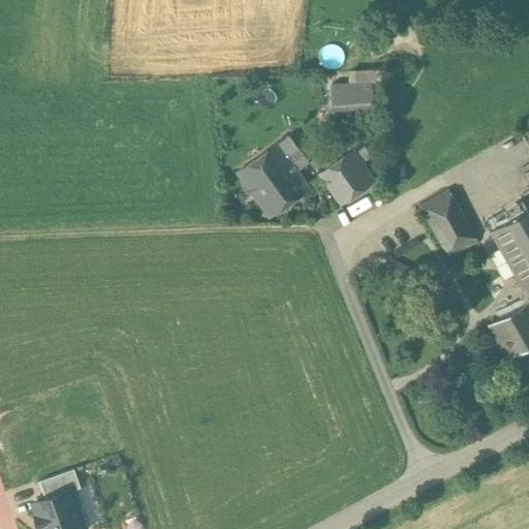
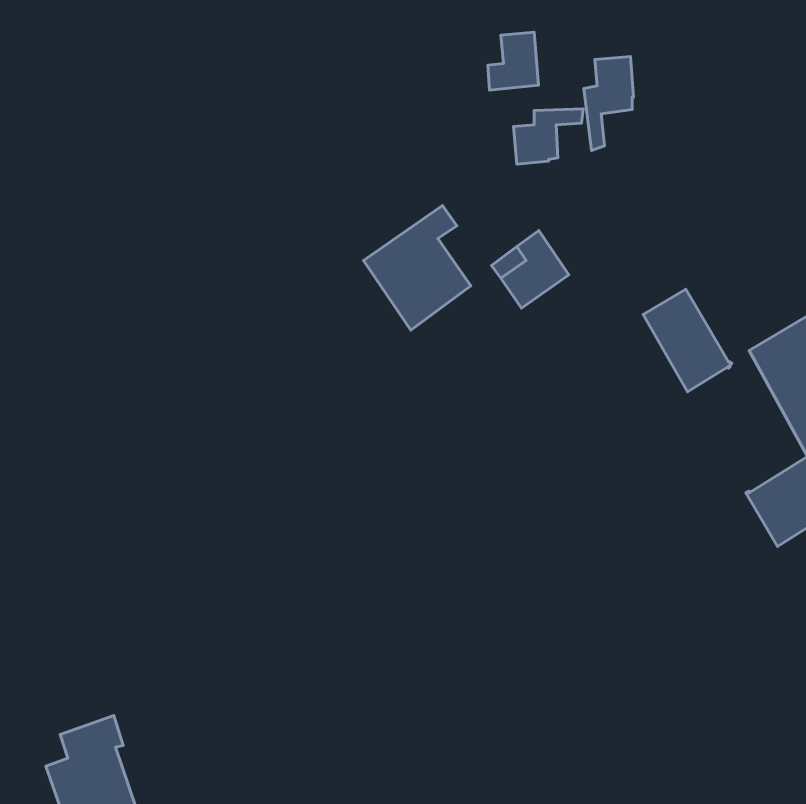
building: none -> [488,32,538,90]
building: none -> [584,57,634,151]

